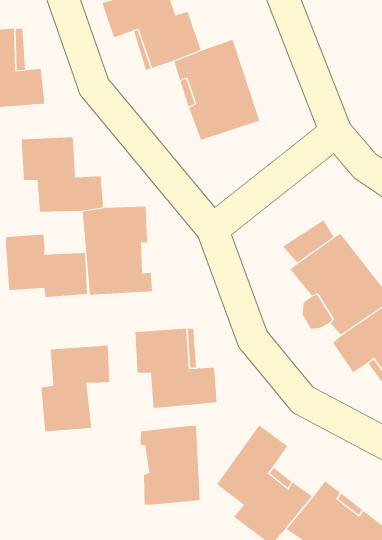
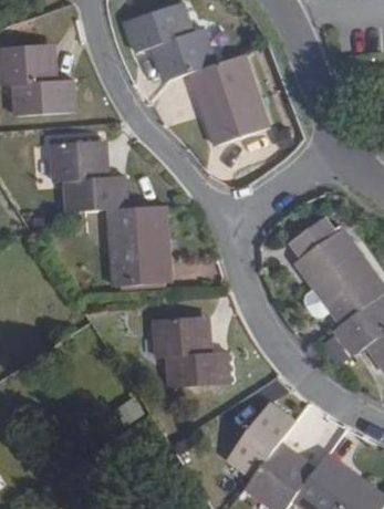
building: [5,234,88,298] -> none
building: [41,345,110,432] -> none
building: [140,425,200,505] -> none

